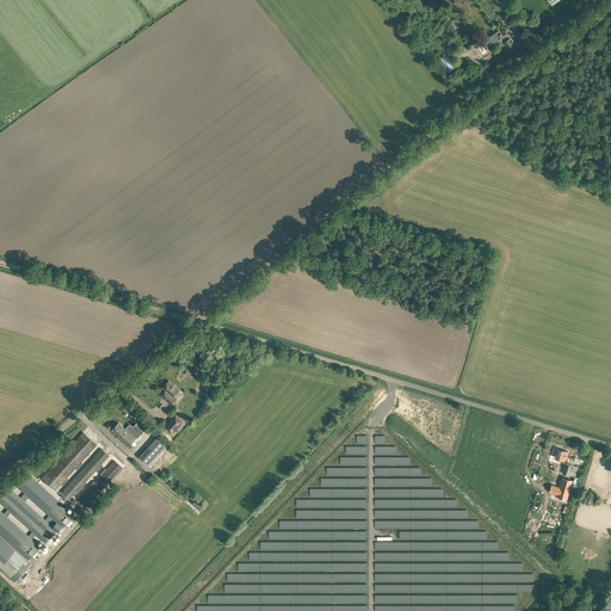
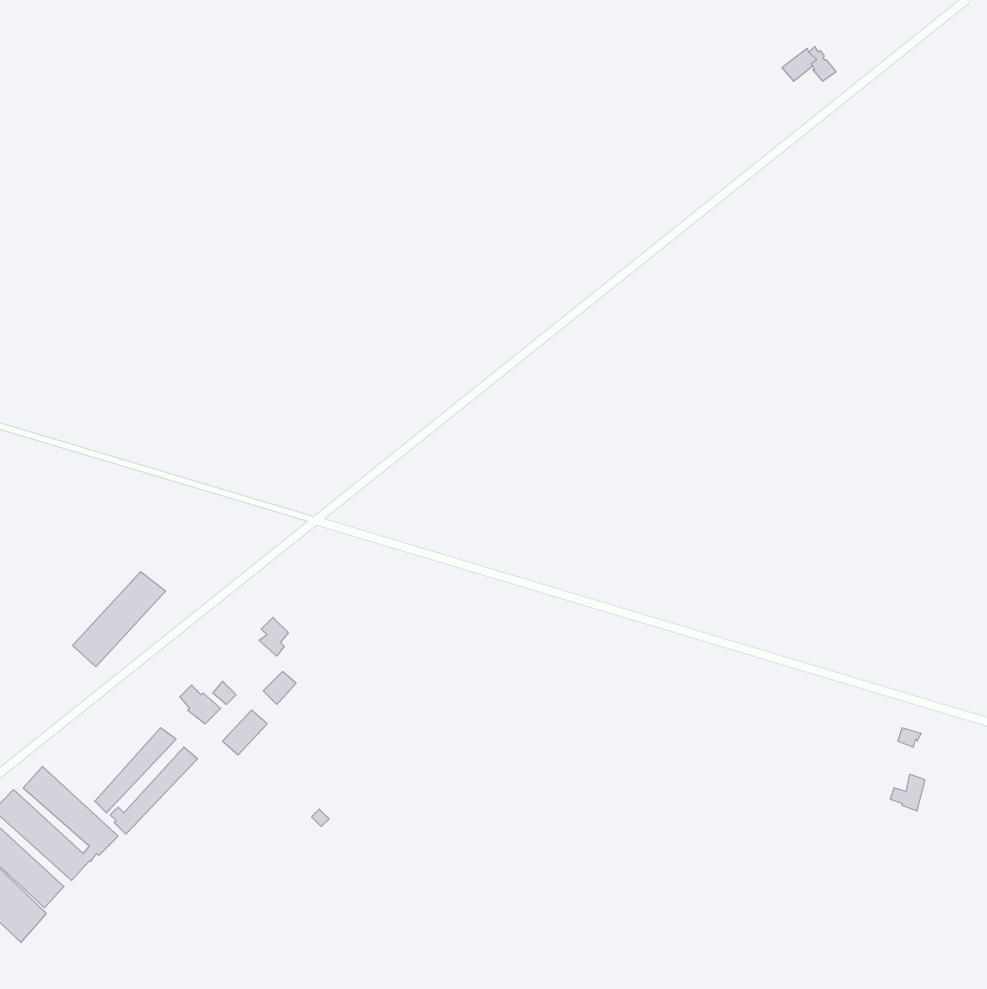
building: [39,432,97,490] -> [73,572,166,667]

